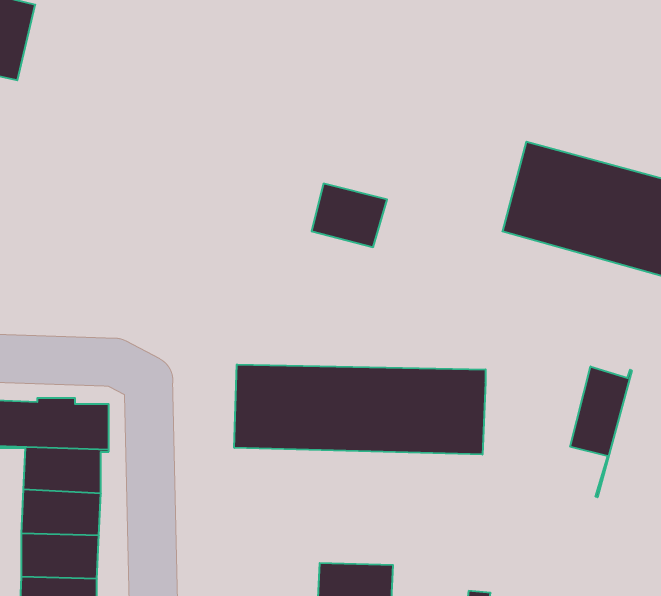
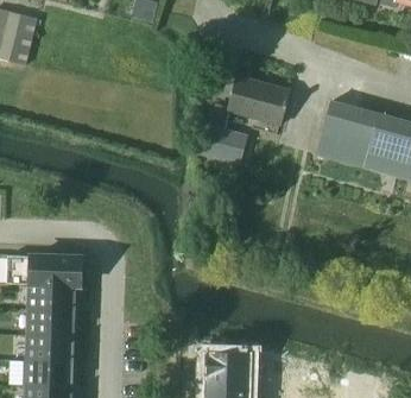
building: none -> [227,75,287,124]
building: [234,364,486,455] -> none
building: [570,366,632,497] -> none

